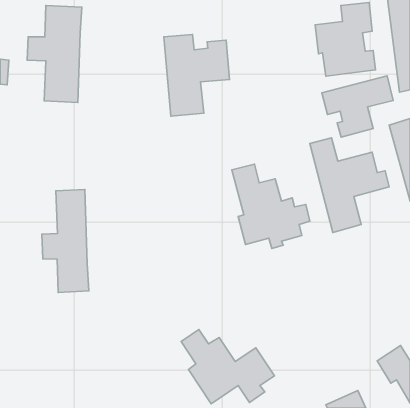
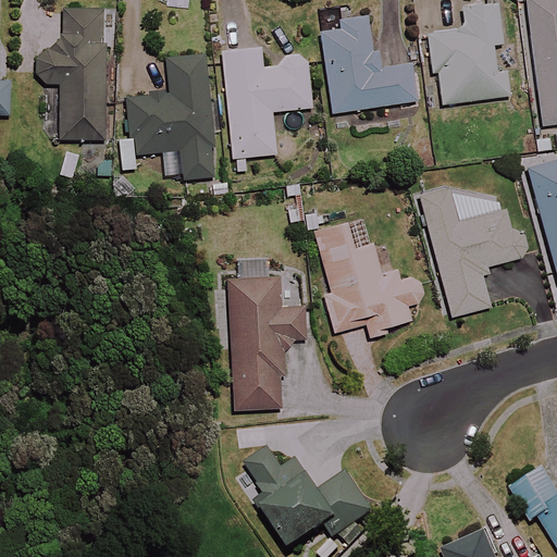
building: none -> [321,16,418,112]
building: none -> [127,54,214,178]
building: [322,76,393,137] -> none
building: [42,189,89,292] -> none
building: none -> [230,261,306,409]

